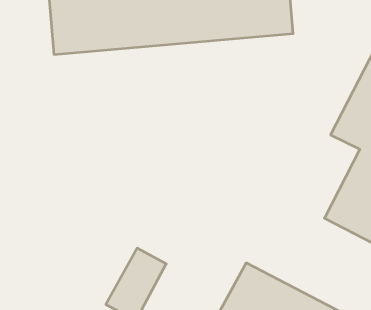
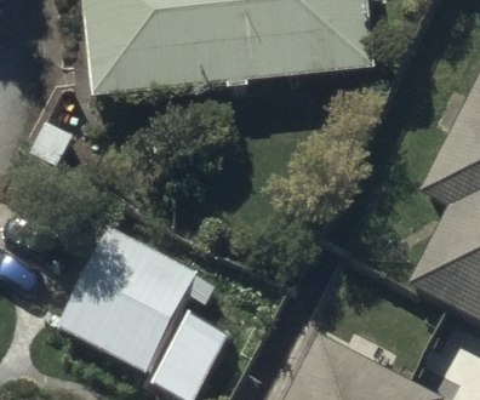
building: none -> [59,230,195,370]

